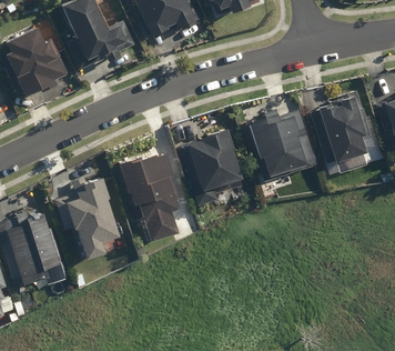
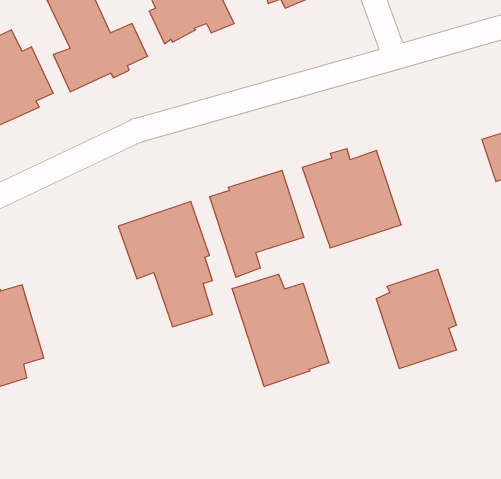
building: [311,93,368,164] -> [376,269,457,368]
building: [53,172,123,255] -> none
building: none -> [232,274,329,387]

